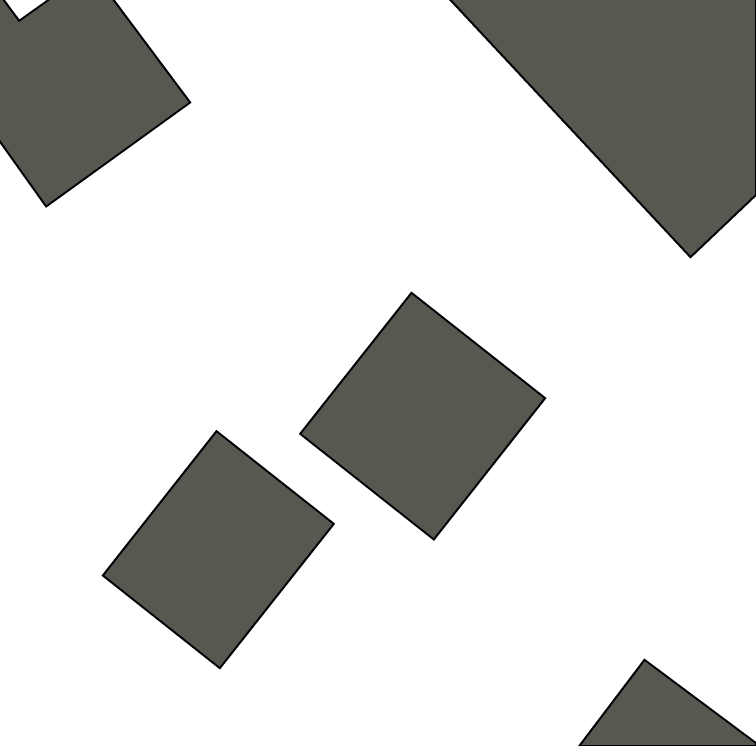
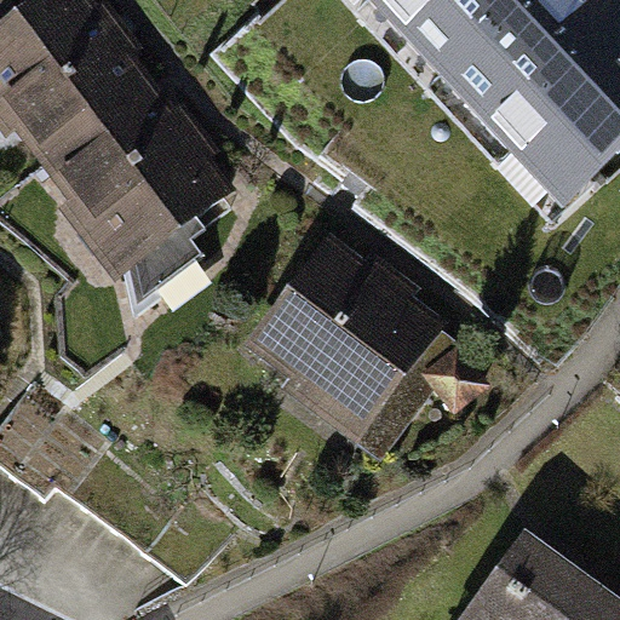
building: none -> [38,84,234,304]
building: [103,431,334,668] -> none

